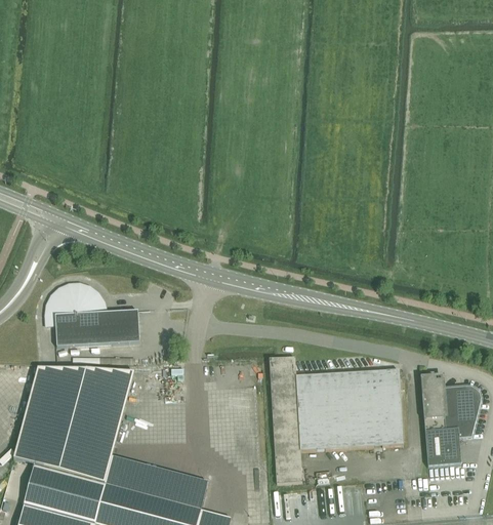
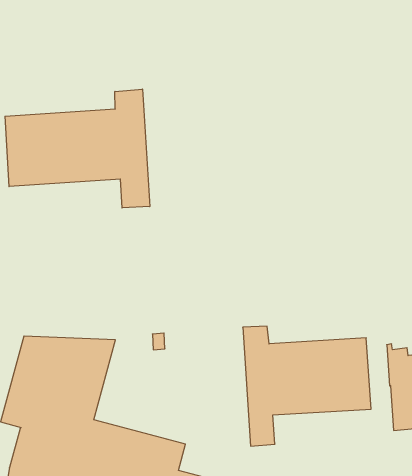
building: none -> [5,89,150,208]
building: [47,284,139,347] -> none

